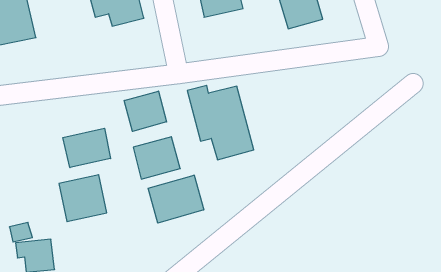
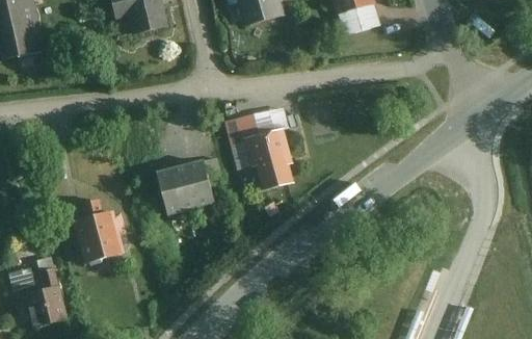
building: [124,91,167,131] -> none
building: [63,128,111,168] -> none
building: [148,175,204,223] -> none

